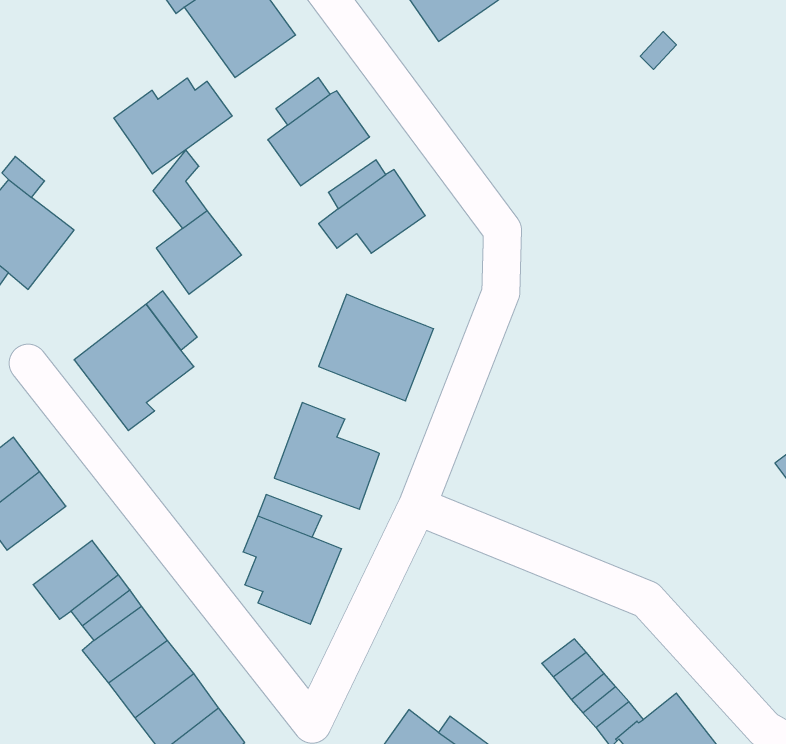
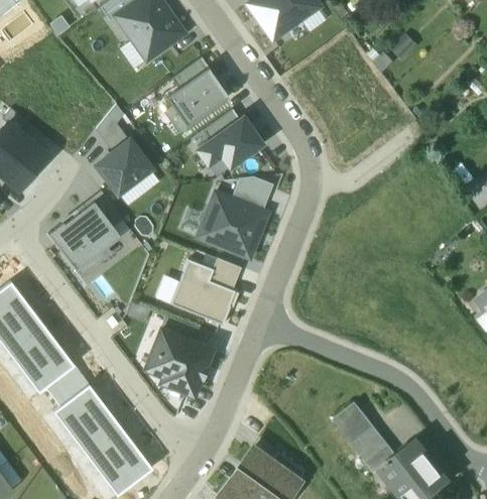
building: [114,78,232,174] -> none
building: none -> [232,178,273,213]
building: none -> [209,260,241,290]
building: none -> [6,324,58,372]

